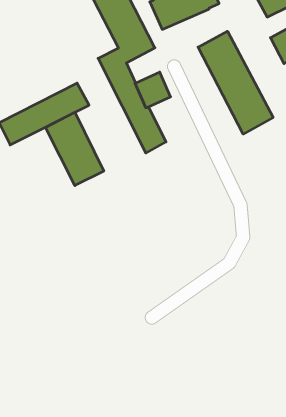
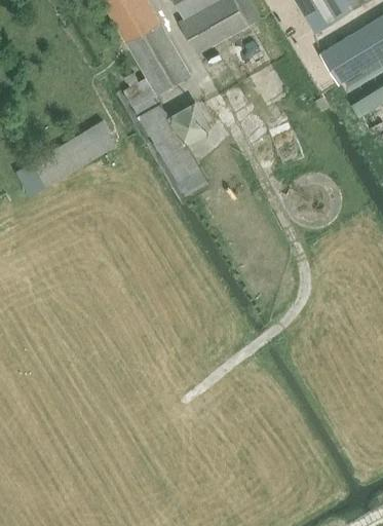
building: [198,31,273,134] -> none
building: [46,112,104,186] -> none

